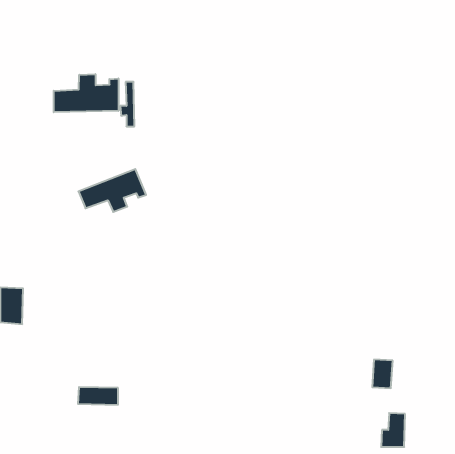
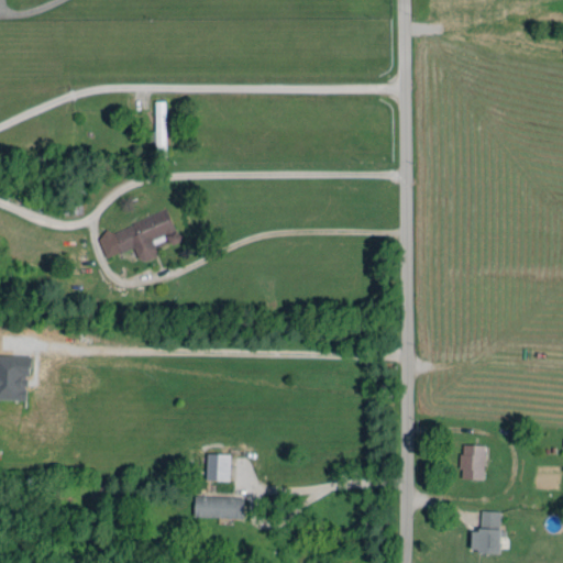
building: [54,74,118,112] -> none
building: none -> [206,454,230,482]
building: [78,387,118,405] -> [194,497,243,519]

